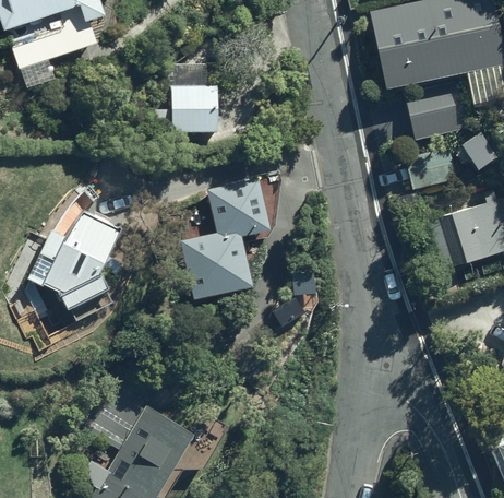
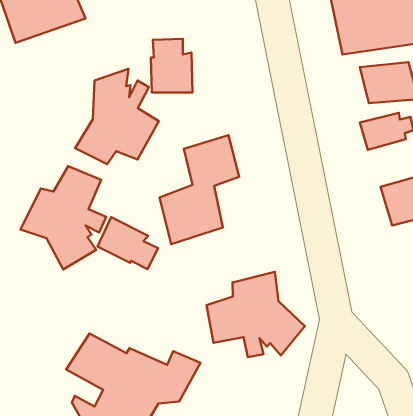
building: none -> [75,69,159,164]
building: none -> [98,217,158,269]
building: none -> [206,272,305,357]

